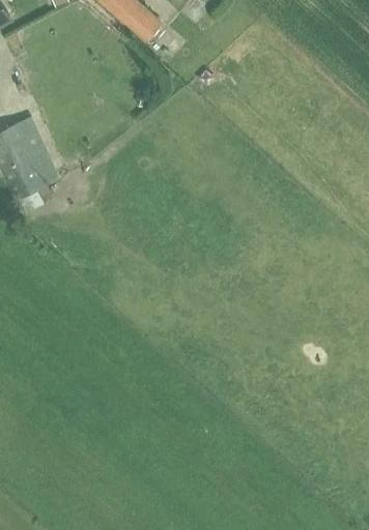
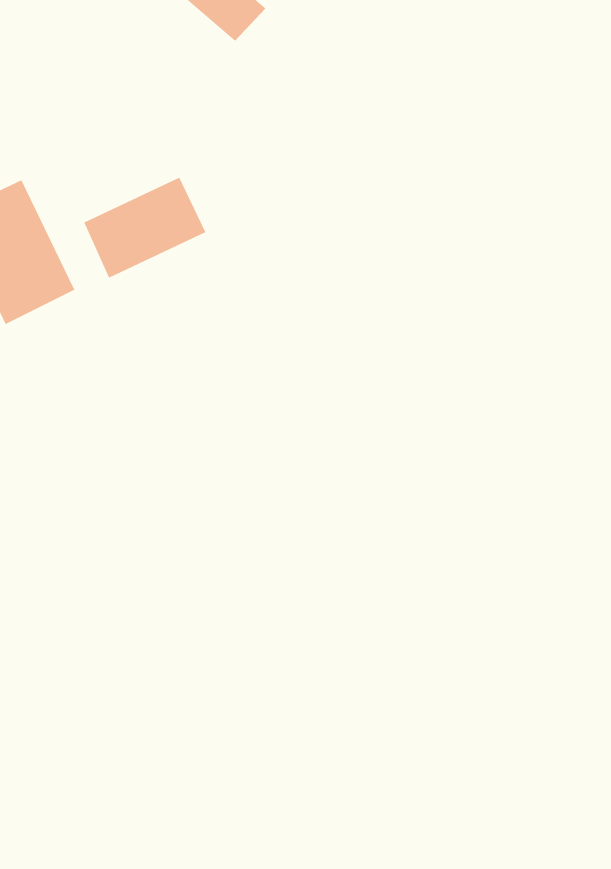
building: none -> [83,177,206,279]

